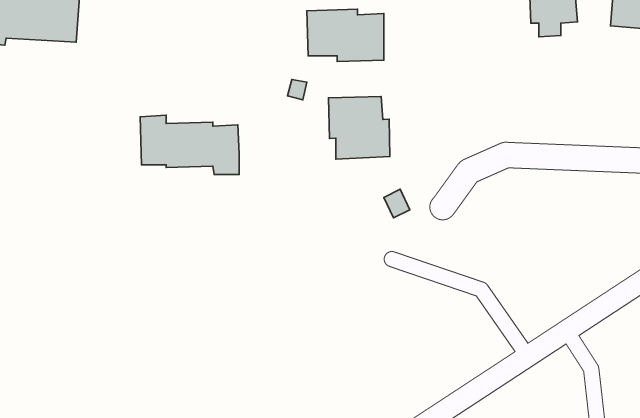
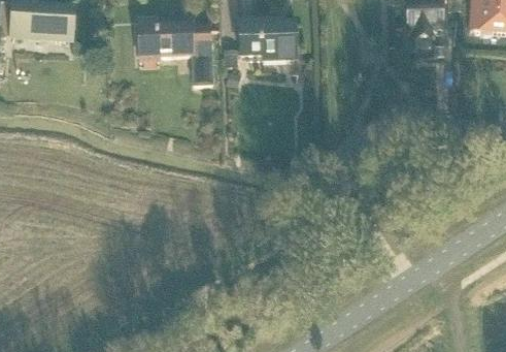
building: [329,96,390,159] -> none
building: [140,115,239,174] -> [138,13,212,58]

